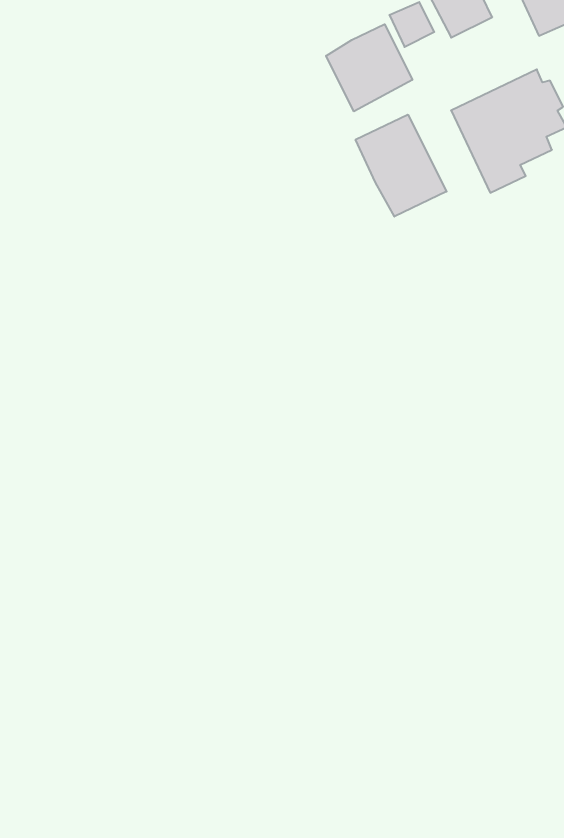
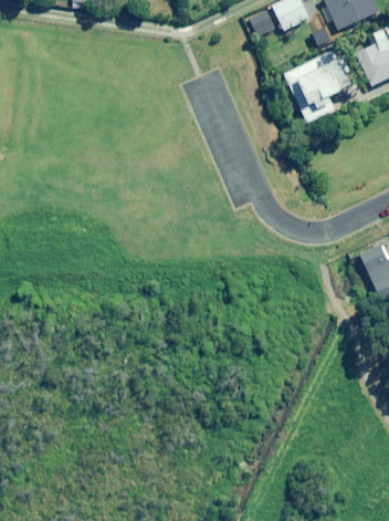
building: [326,24,412,111] -> none
building: [356,115,447,217] -> none

